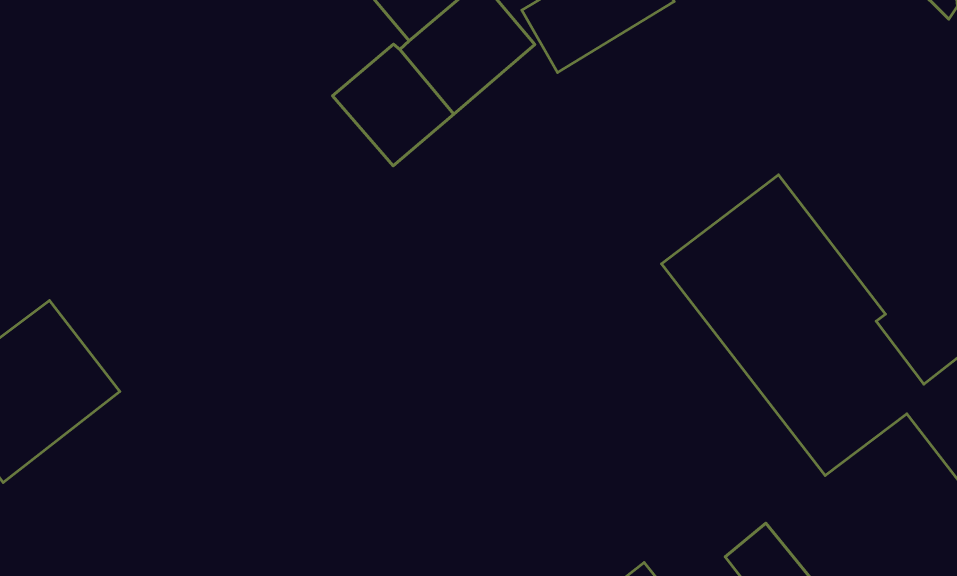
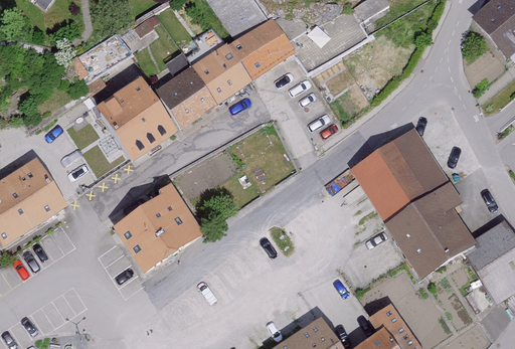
building: none -> [158,66,218,128]
building: none -> [97,79,175,162]
building: none -> [117,182,204,270]

